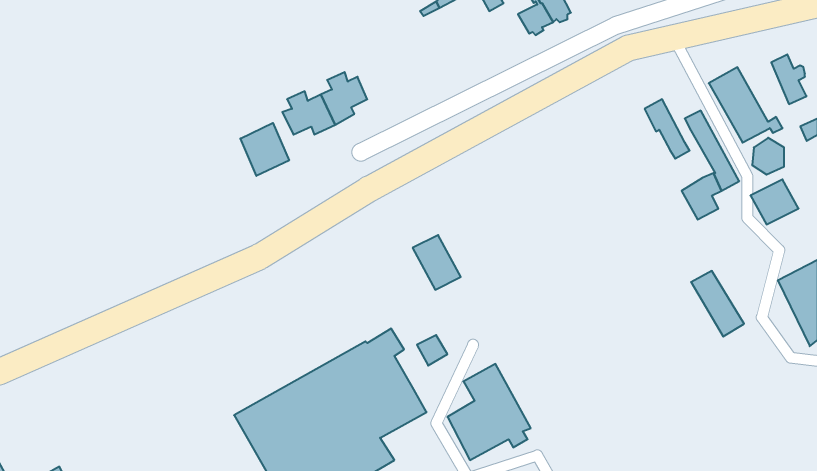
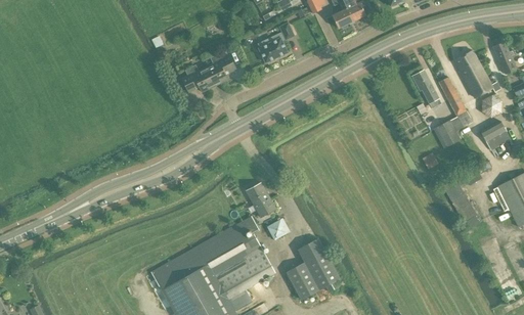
building: none -> [258,22,294,62]
building: [240,123,289,176] -> none
building: [413,235,461,290] -> [246,182,276,217]

